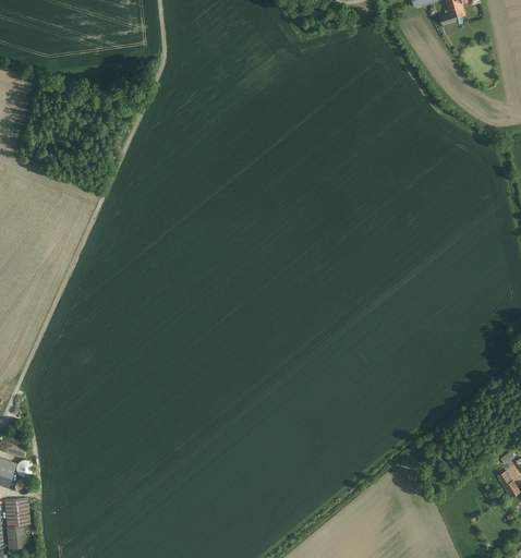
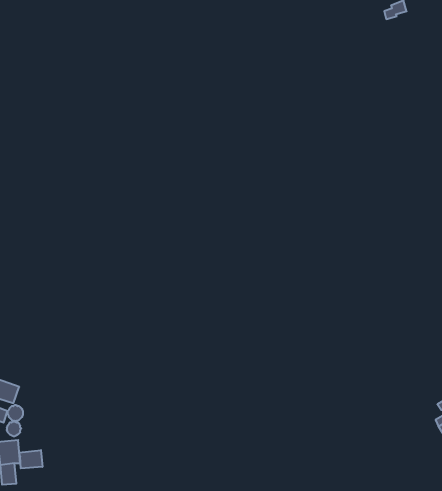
building: none -> [19,450,42,468]

